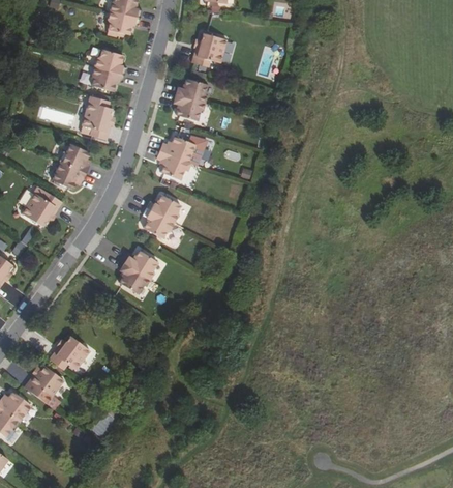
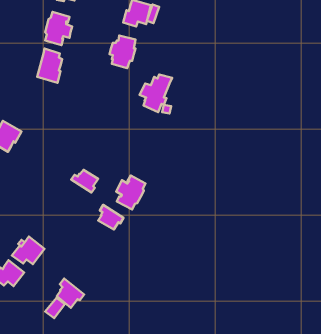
building: [155,133,197,180] -> [140,75,172,112]
building: [52,143,90,189] -> none
building: [142,195,179,238] -> [116,175,145,210]
building: [118,262,150,293] -> [98,205,124,229]
building: none -> [57,279,84,308]

